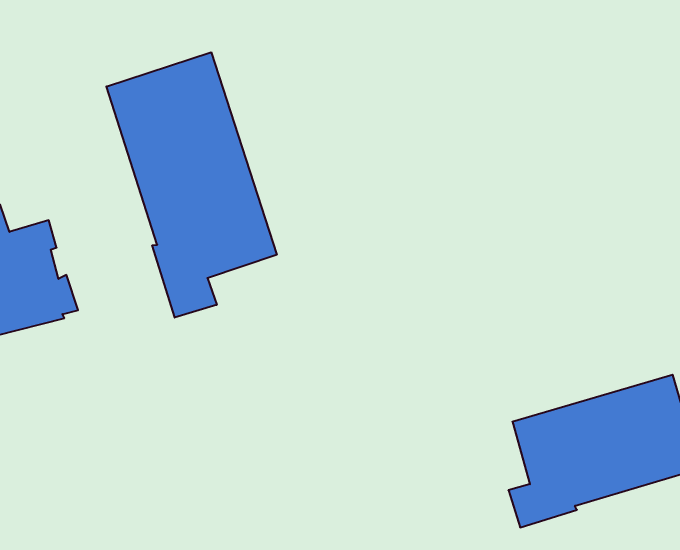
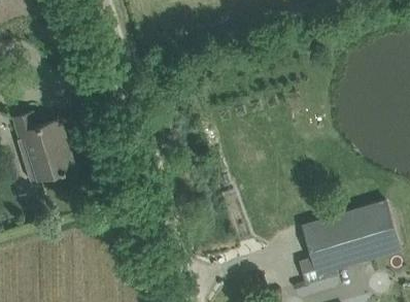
building: [106,52,277,318] -> none

